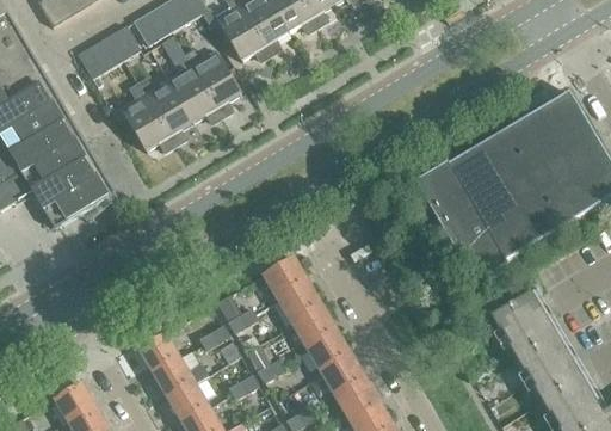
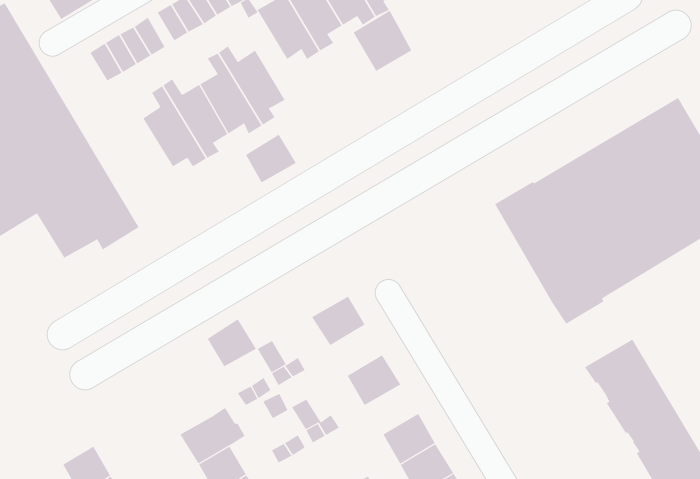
building: none -> [353,10,412,72]
building: none -> [245,134,297,183]
building: [278,282,322,325] -> none
building: [307,332,352,374] -> none
building: [138,333,180,374] -> [207,319,257,367]

